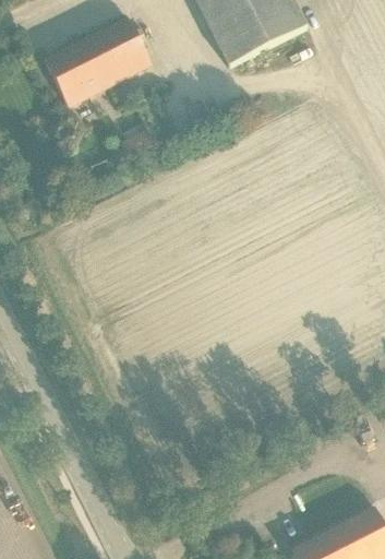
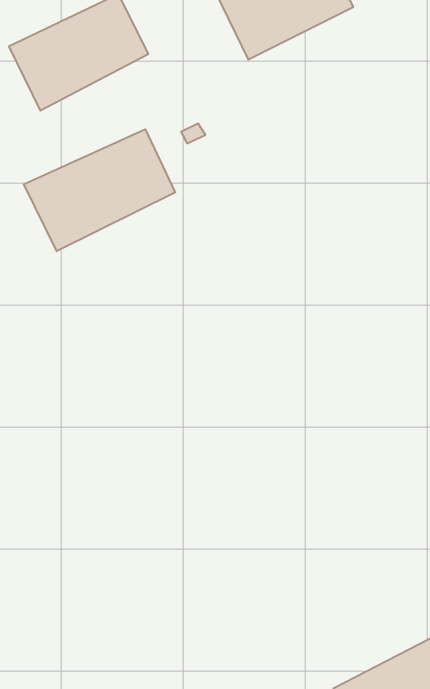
building: none -> [24,129,175,251]

